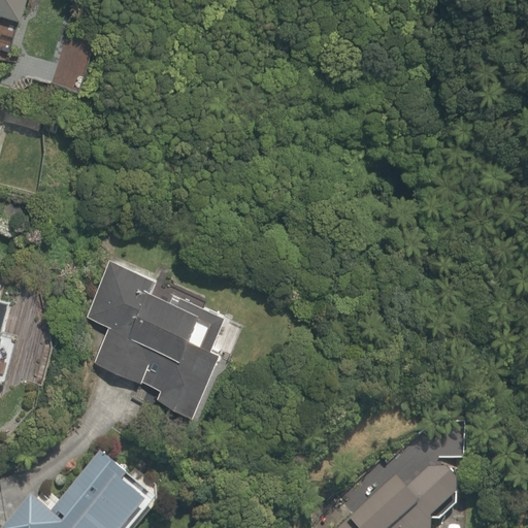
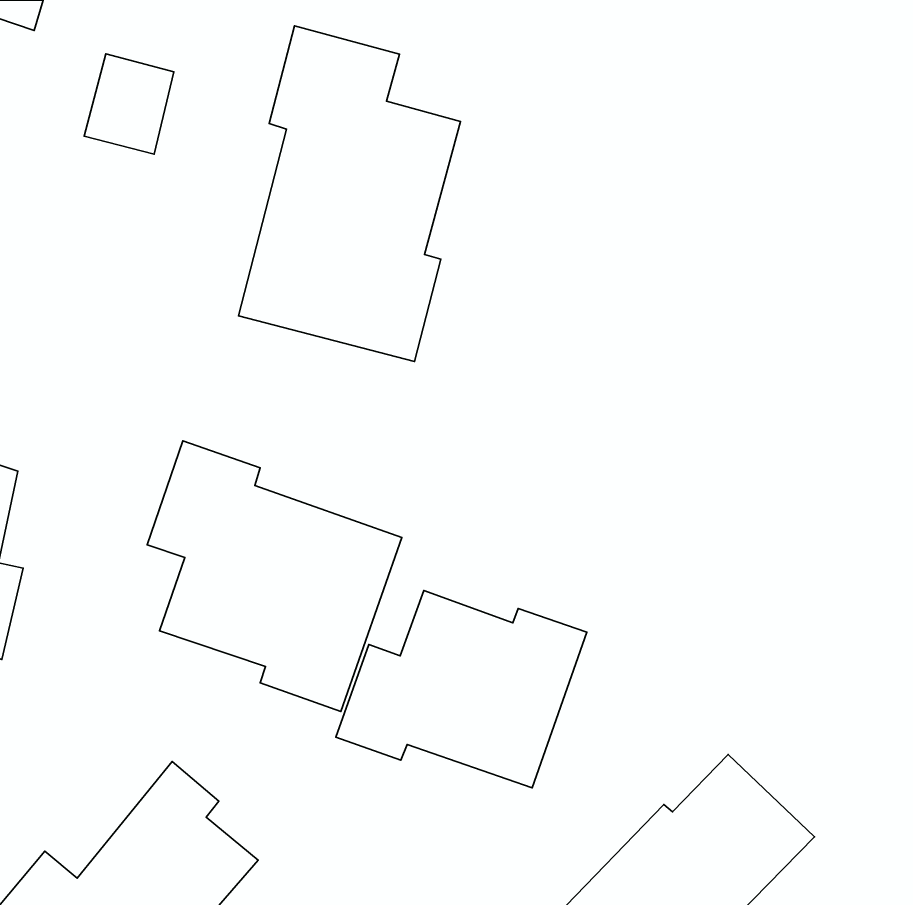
building: none -> [238,26,461,362]
building: none -> [336,590,587,788]

